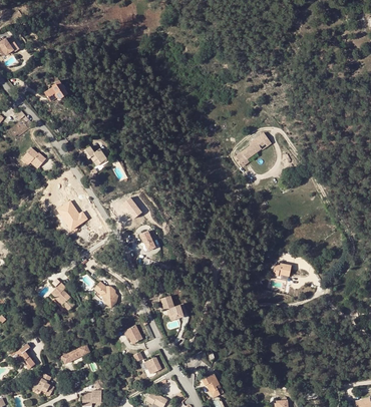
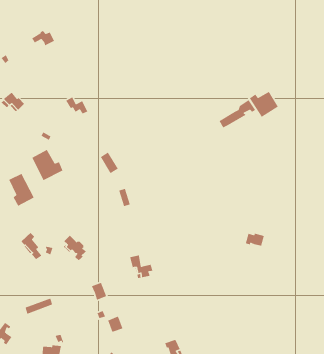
building: none -> [249,91,279,118]
building: none -> [8,173,35,207]

